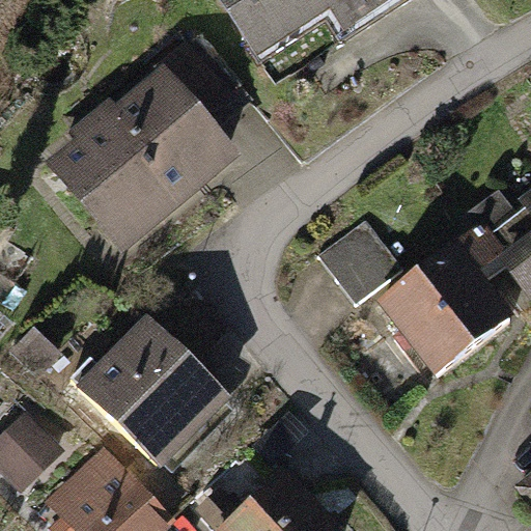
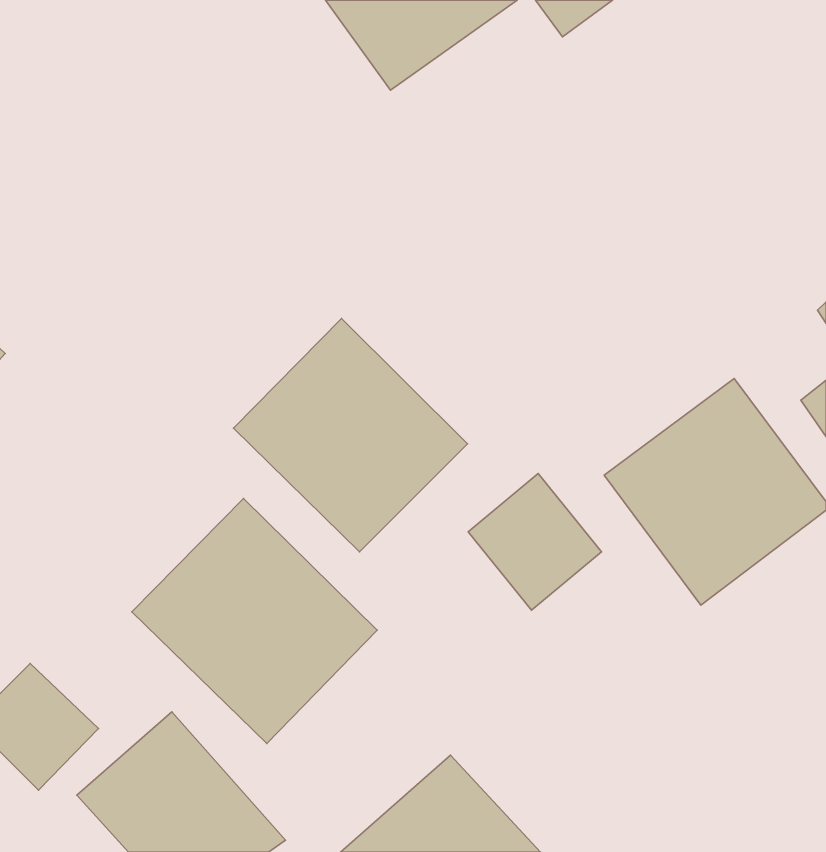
building: [57,75,235,248] -> none
building: none -> [233,319,467,552]
building: [310,218,393,303] -> [468,473,602,610]

